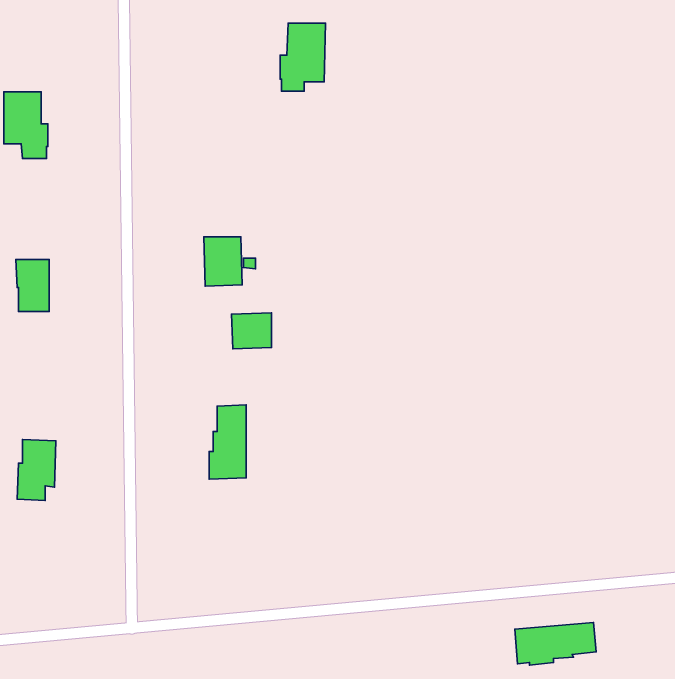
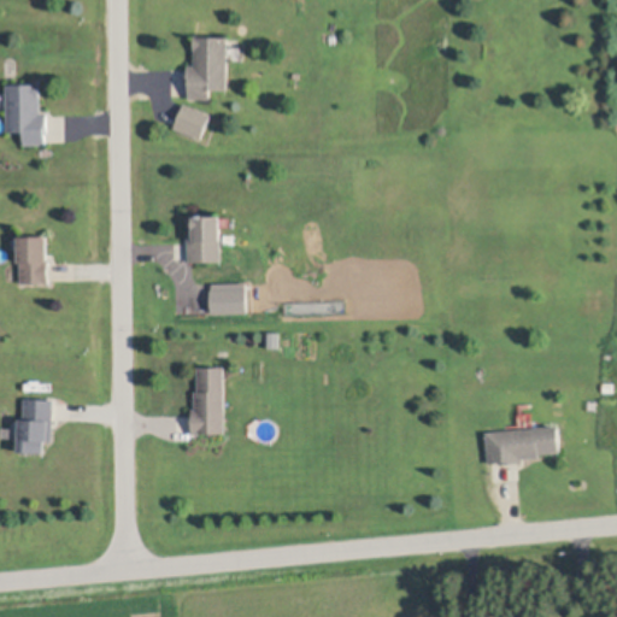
building: [280,23,325,91] -> [186,37,227,99]
building: none -> [171,104,208,140]
building: [515,622,596,665] -> [484,427,558,465]

